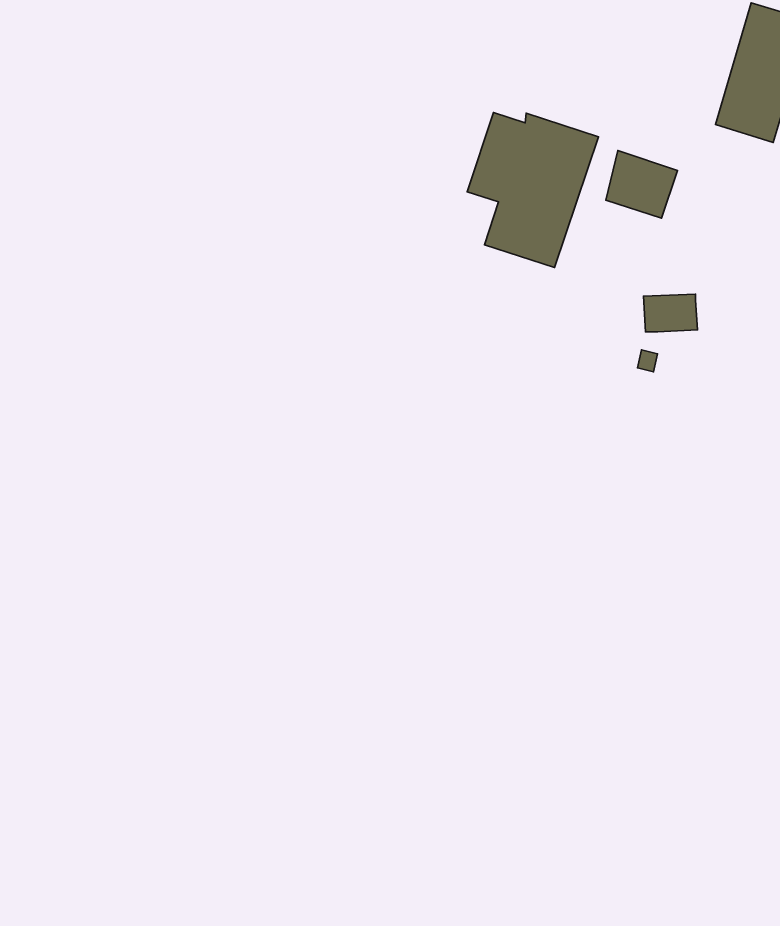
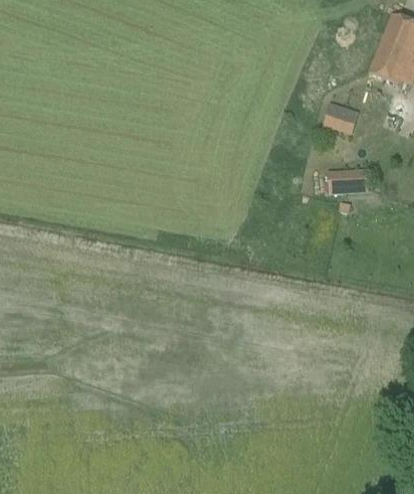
building: [467,113,598,267] -> none

